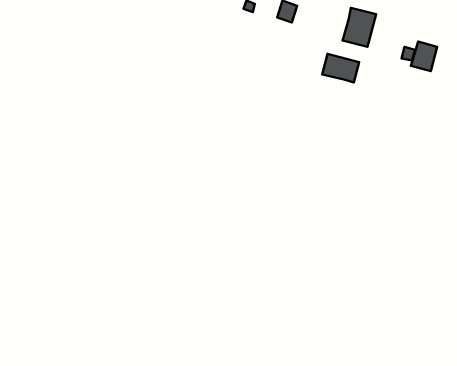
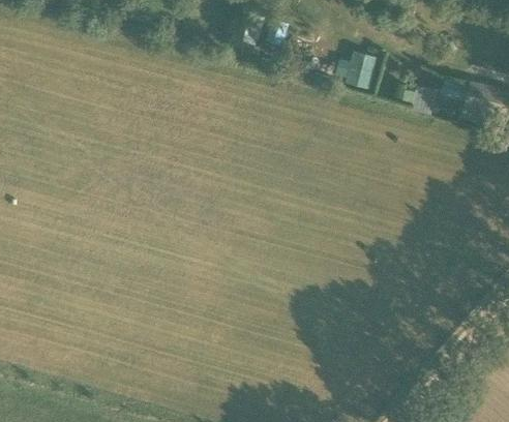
building: [322,54,359,83] -> none

